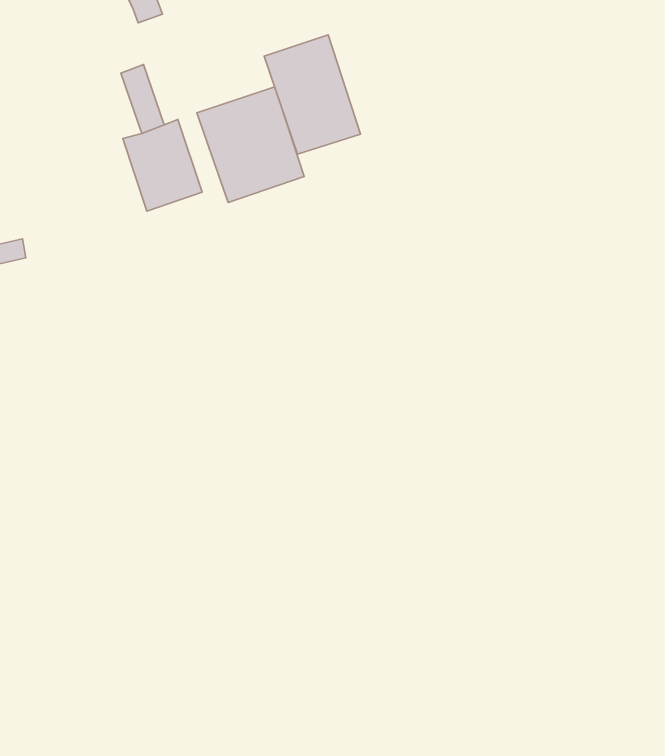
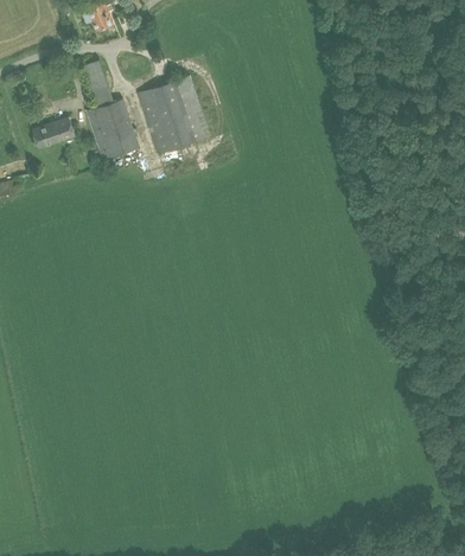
building: [264,35,360,154] -> none
building: none -> [31,117,76,149]

